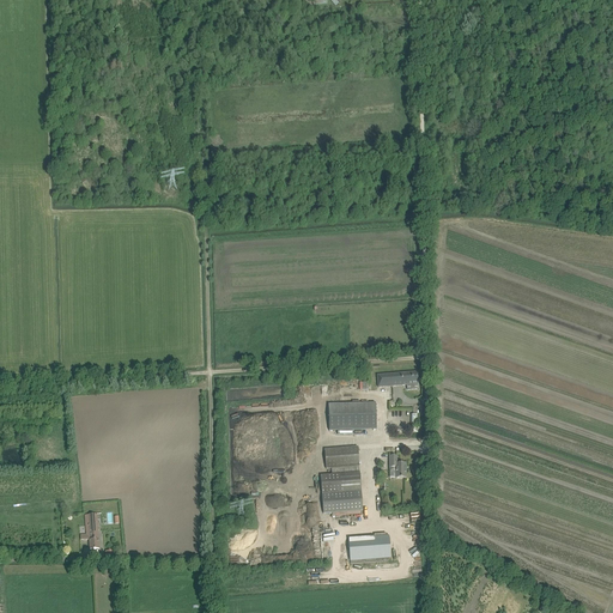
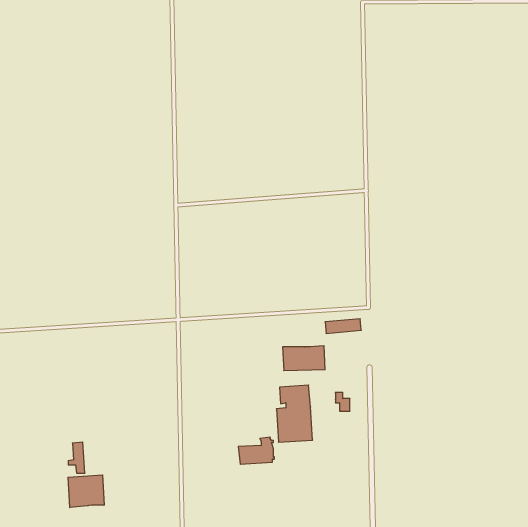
building: [347,530,389,562] -> [238,437,274,464]
building: none -> [68,475,104,508]

